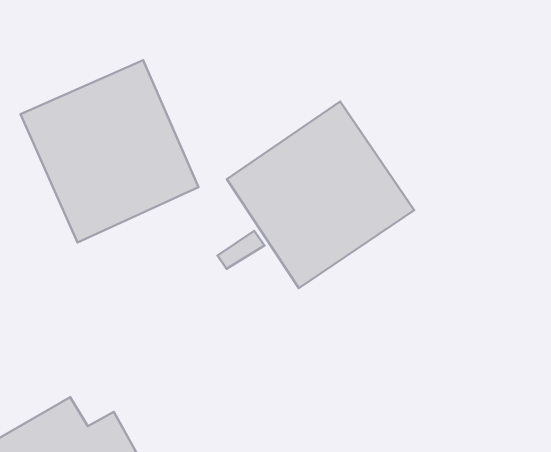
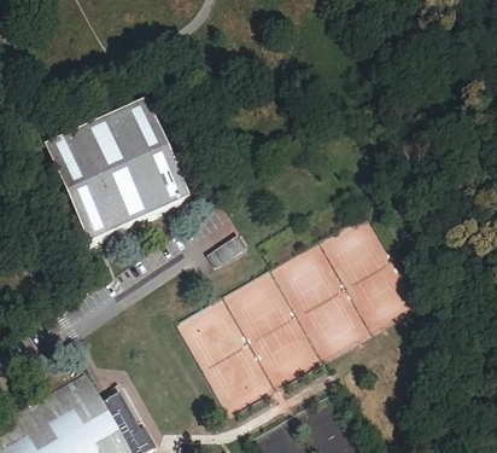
building: [227,102,414,288] -> none

